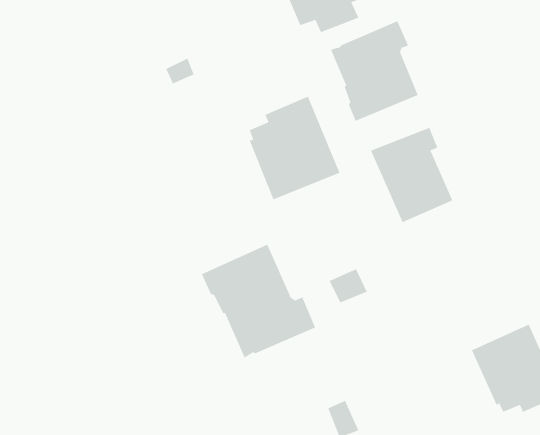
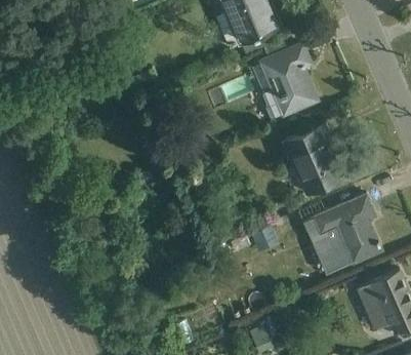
building: [249,96,340,200] -> none
building: none -> [312,194,382,273]
building: [201,244,316,359] -> none

